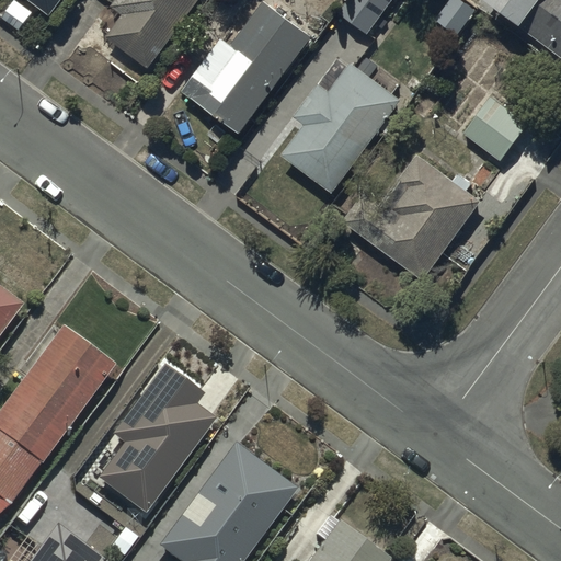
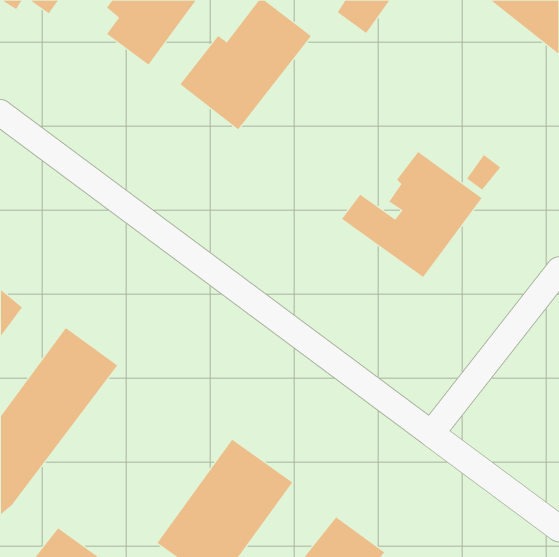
building: [282,57,401,191] -> none
building: [461,95,526,159] -> none
building: [94,364,213,514] -> none

